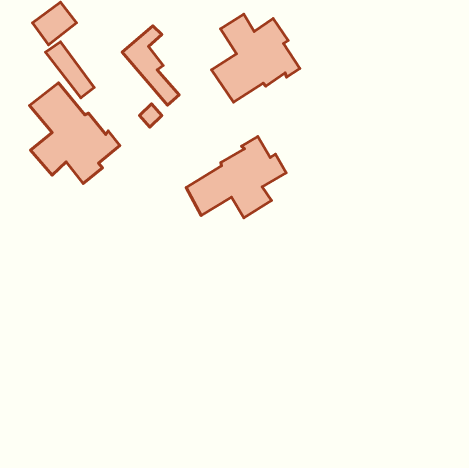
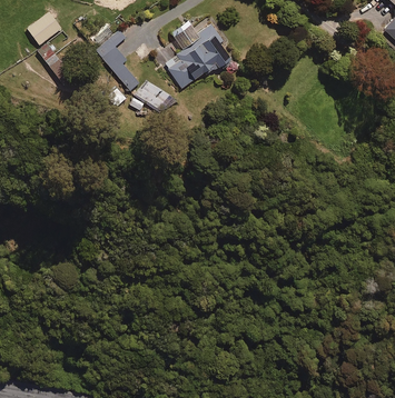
building: [29,83,120,183] -> none
building: [186,137,286,218] -> none

